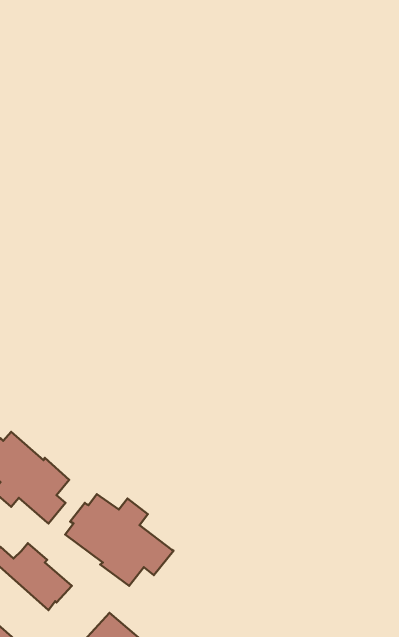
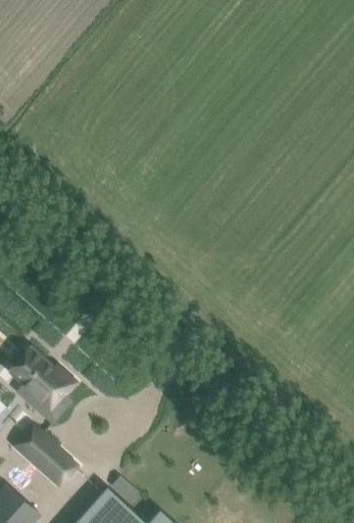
building: [65,494,174,586] -> none

